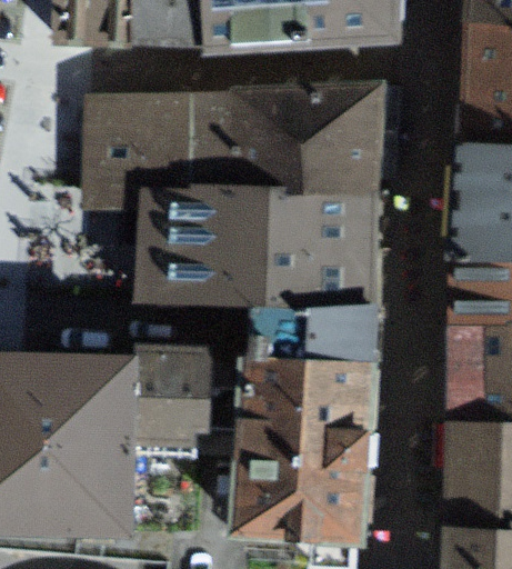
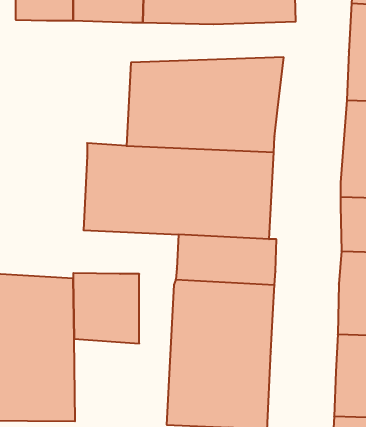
building: [84,90,197,209] -> none

